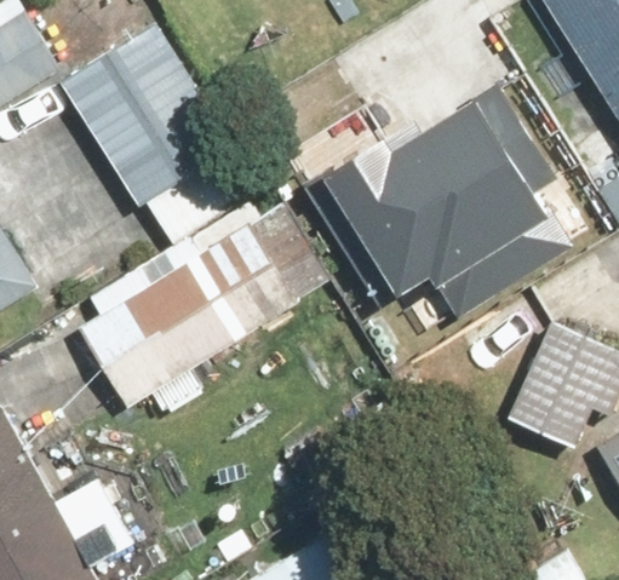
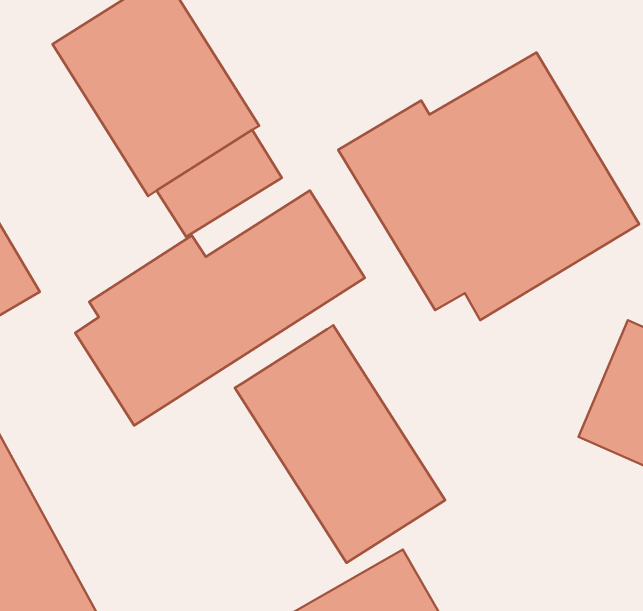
building: none -> [235,325,445,563]

